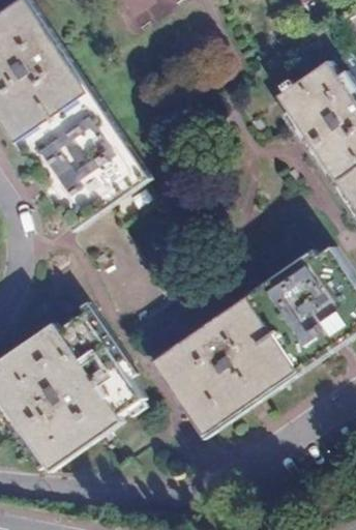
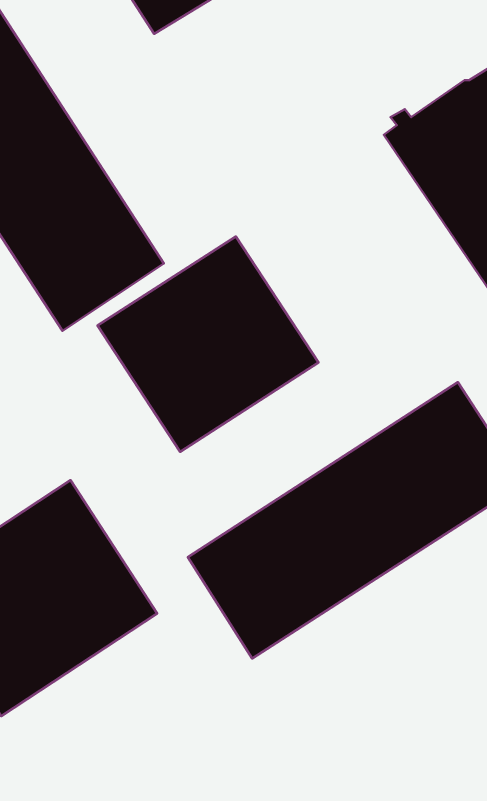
building: none -> [97,236,318,452]

